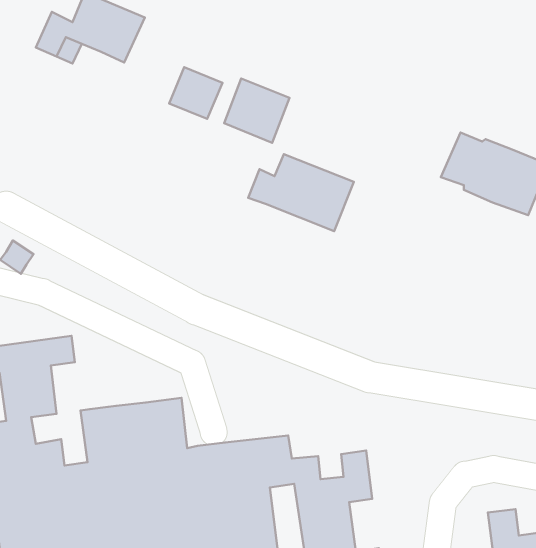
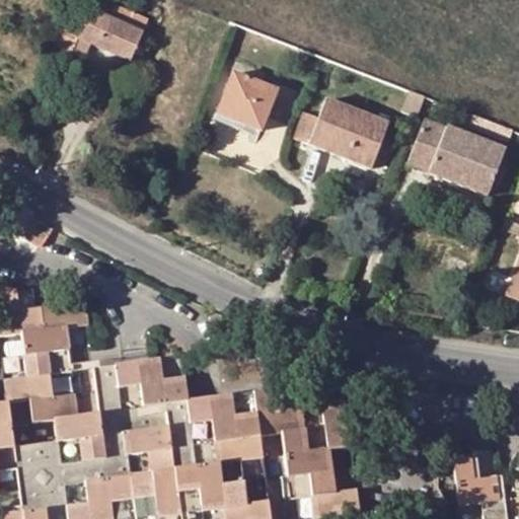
building: [169,67,223,119] -> none
building: [248,154,354,231] -> [296,100,389,168]

